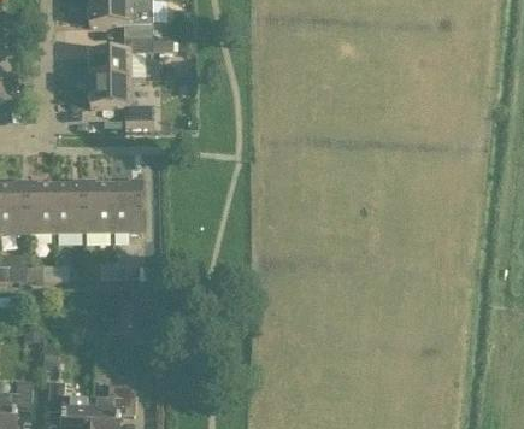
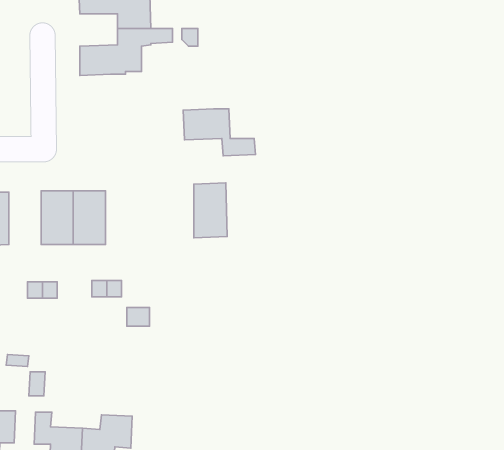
building: [89,78,154,121] -> [183,109,255,156]
building: [112,182,142,231] -> [194,183,227,238]
building: [25,183,54,231] -> none

